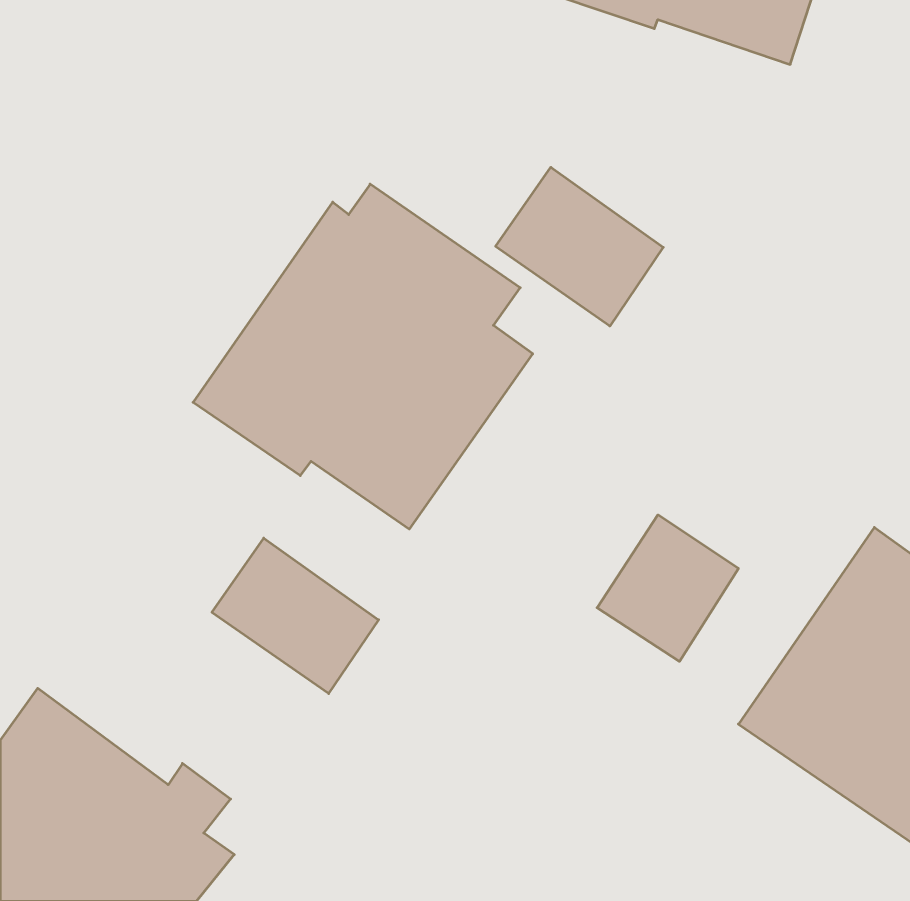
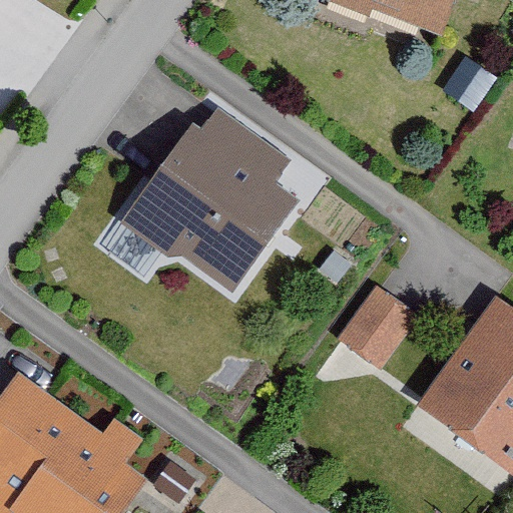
building: [496,167,663,326] -> none
building: [212,538,379,694] -> none

